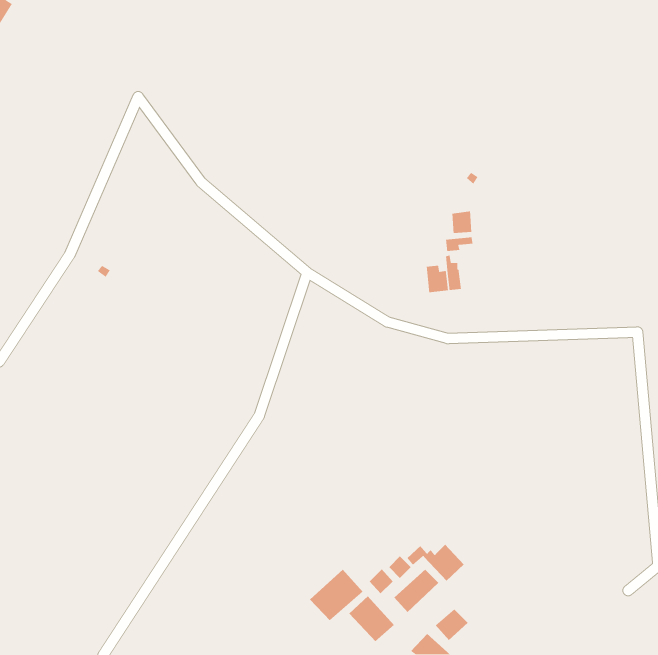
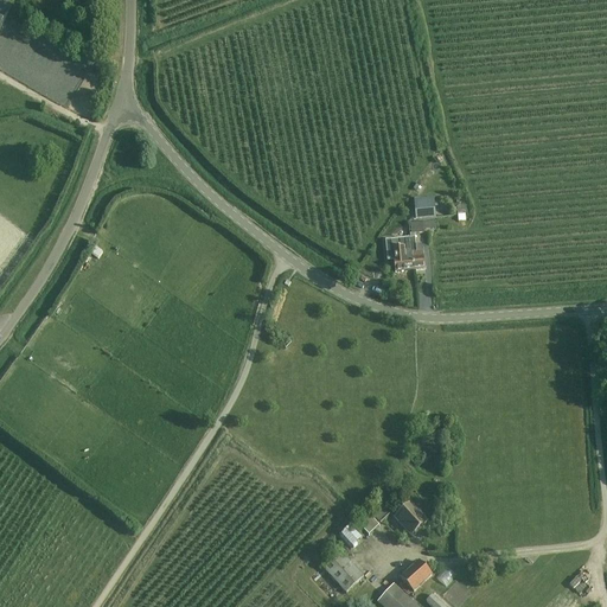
building: [309,569,364,621] -> none
building: [394,569,439,613] -> none

